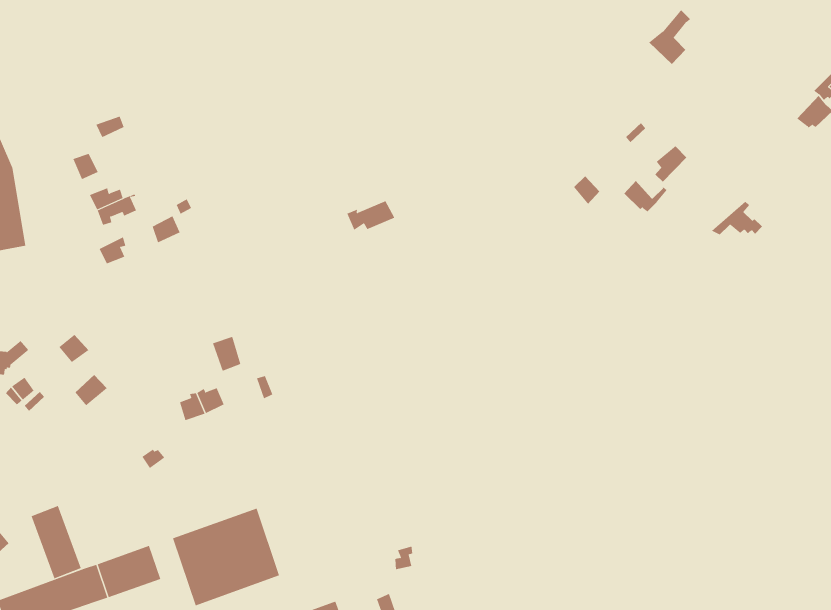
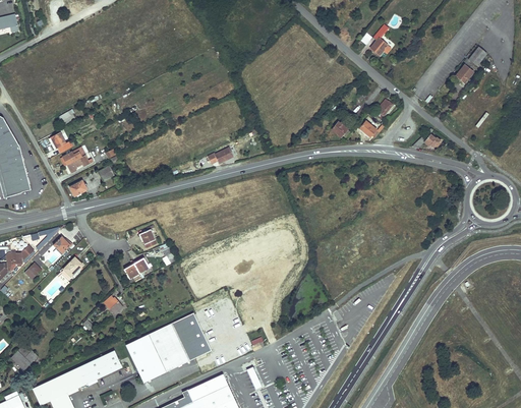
building: none -> [173,314,211,360]
building: [31,505,82,579] -> none

